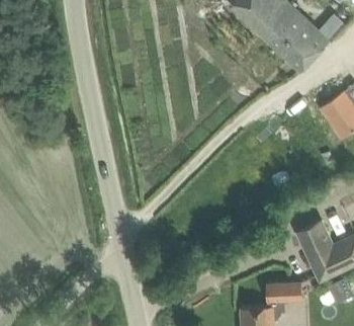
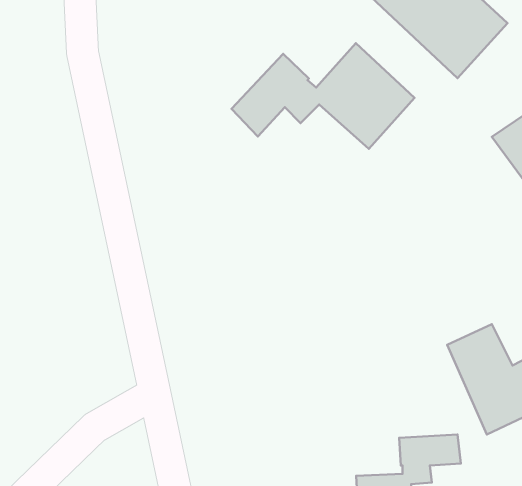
building: none -> [232,43,414,149]

